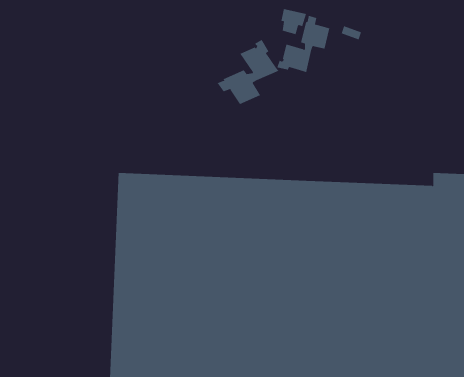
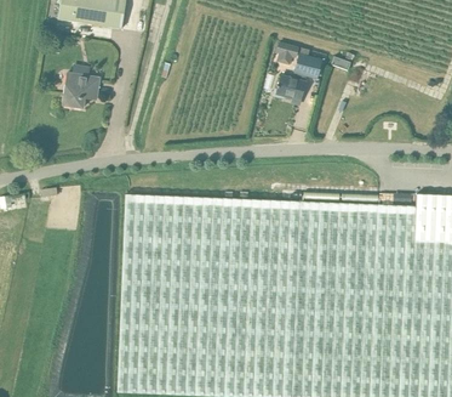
building: none -> [63,64,101,108]
building: [217,39,279,105] -> none

